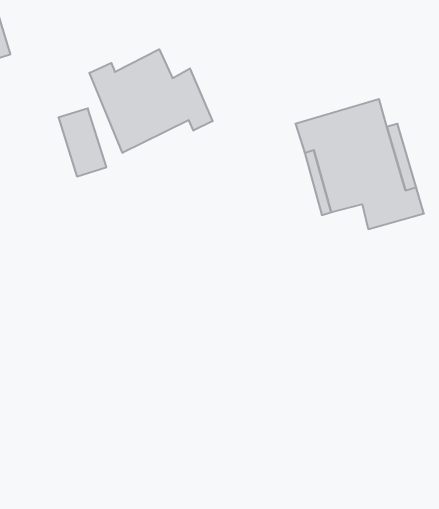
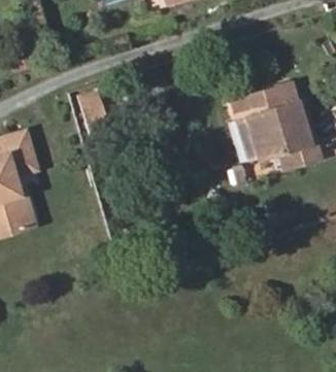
building: [89,49,213,153] -> none

